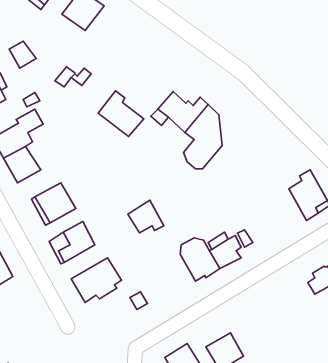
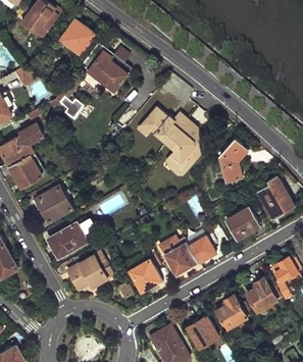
building: [98,91,144,137] -> [88,50,128,90]
building: none -> [219,139,248,184]
building: [128,200,164,233] -> [131,259,162,288]
building: none -> [224,206,259,240]
building: none -> [245,277,280,315]
building: none -> [214,296,250,333]

